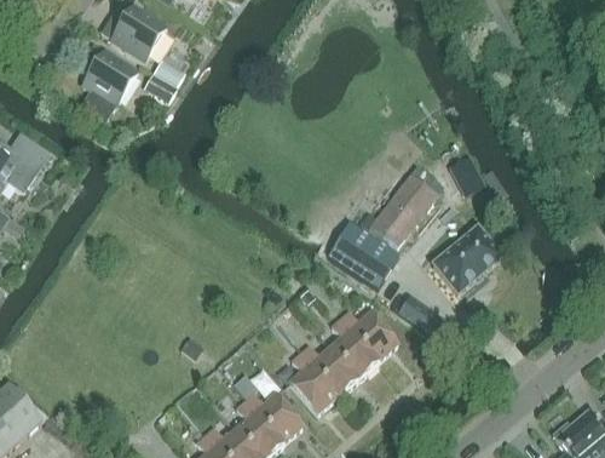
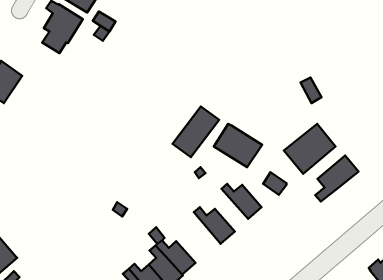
building: [368,173,436,247] -> [172,106,219,157]
building: none -> [315,156,358,201]
building: [329,319,378,380] -> none
building: [288,353,336,414] -> none

